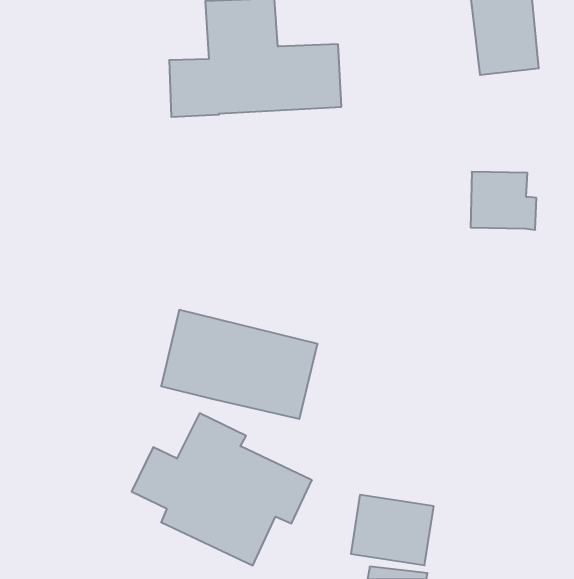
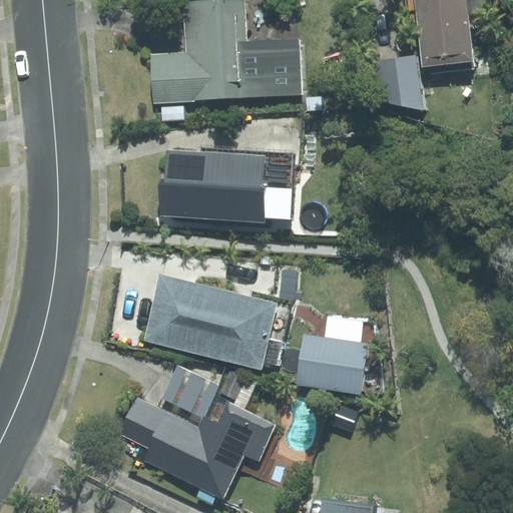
building: none -> [160,148,271,222]
building: [471,172,536,230] -> [362,56,420,107]
building: [351,495,434,565] -> [295,333,368,395]

